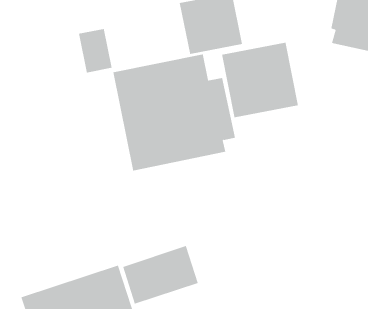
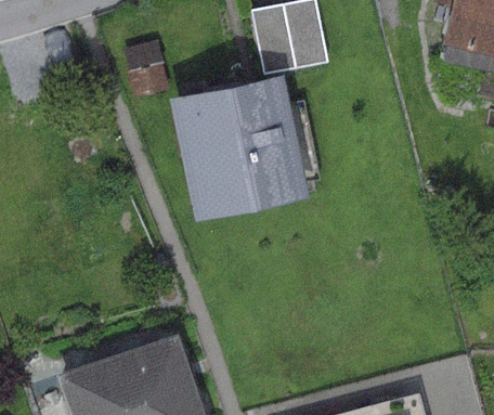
building: [221,42,299,118] -> none
building: [122,245,198,304] -> none

